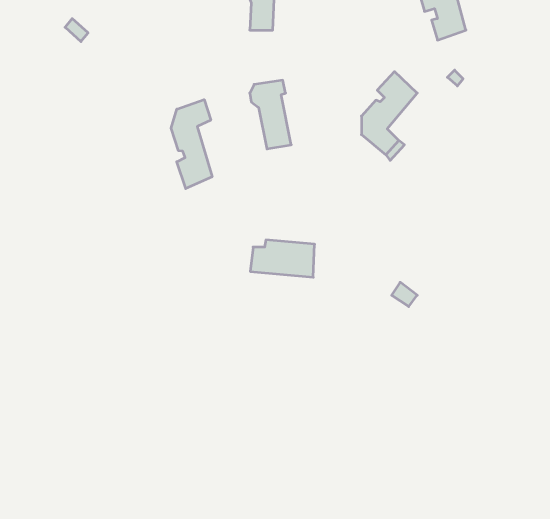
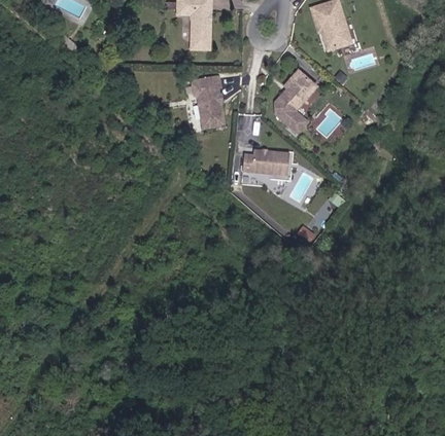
building: [171,100,212,189] -> none
building: [250,240,315,277] -> [241,149,287,176]

